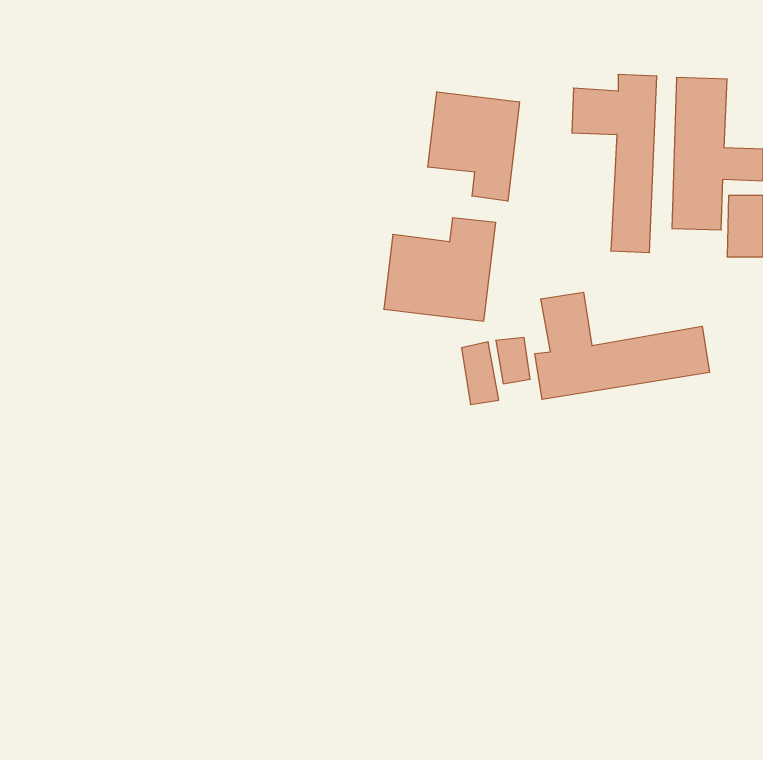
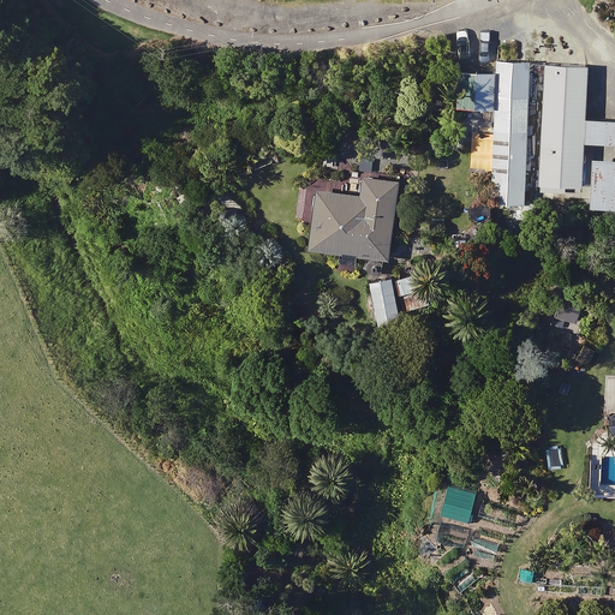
building: [428,92,520,201] -> none
building: [535,292,709,400] -> none

